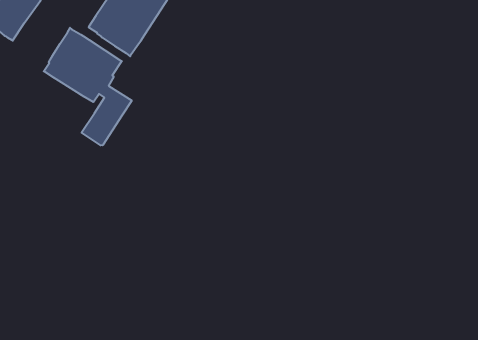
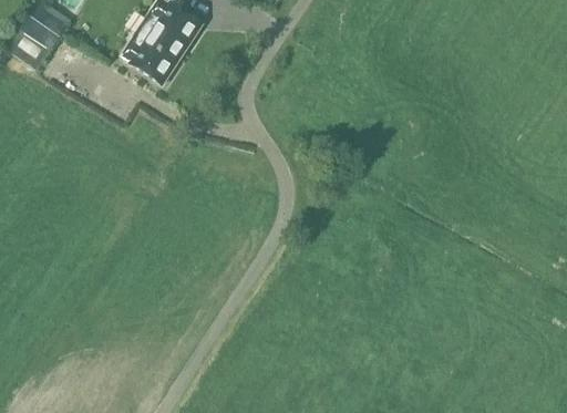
building: [44,28,132,145] -> none

